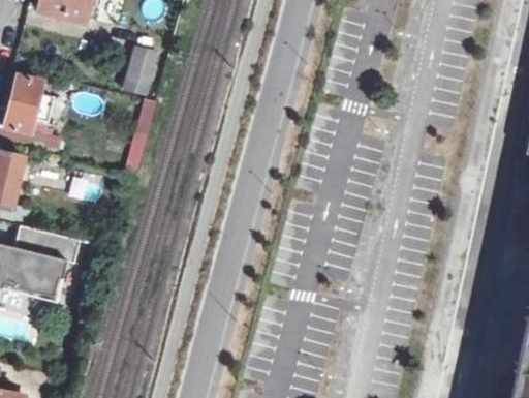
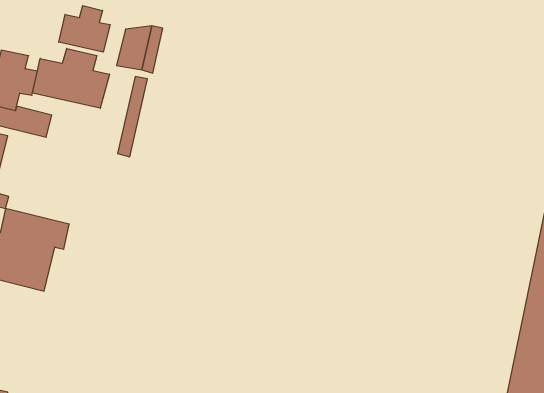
building: none -> [59,6,110,52]
building: none -> [32,48,109,108]

